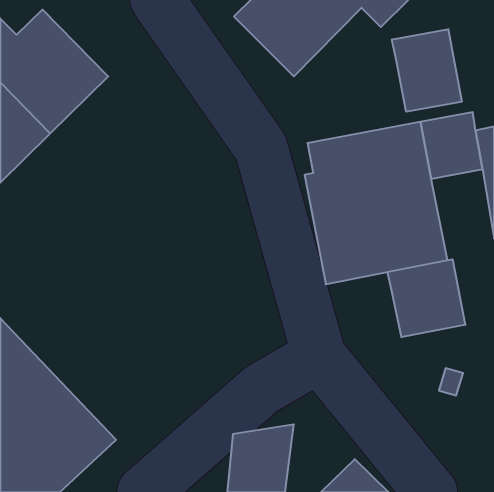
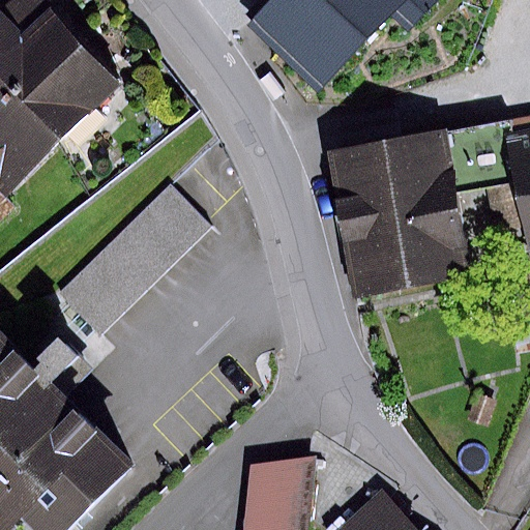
building: [392,29,462,112] -> none
building: none -> [60,182,210,332]
building: [388,259,465,337] -> none

